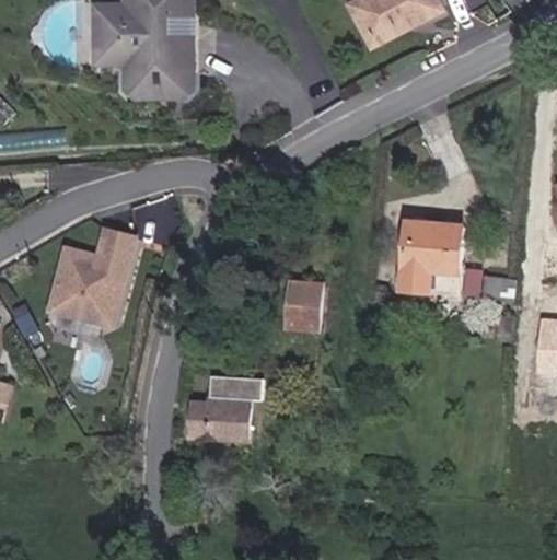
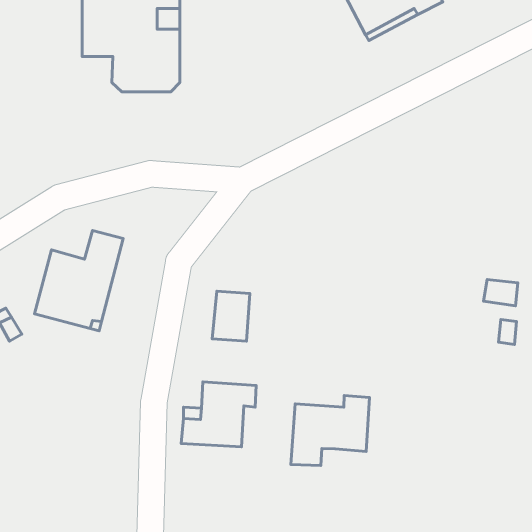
building: [403,222,463,294] -> none
building: [286,282,322,330] -> [212,291,250,341]
building: none -> [291,396,370,466]

